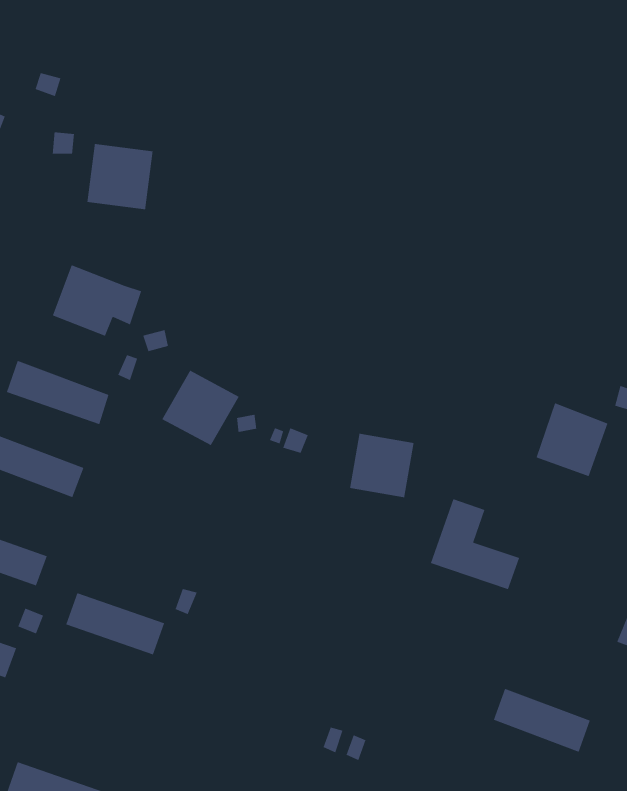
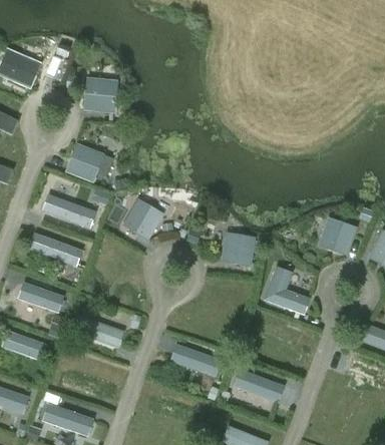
building: none -> [169,343,221,376]
building: [493,688,591,753] -> [233,368,284,402]

